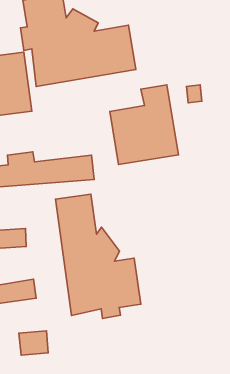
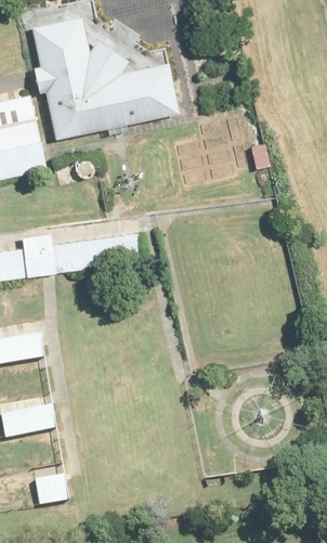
building: [110,85,178,164] -> none
building: [55,194,141,318] -> none

